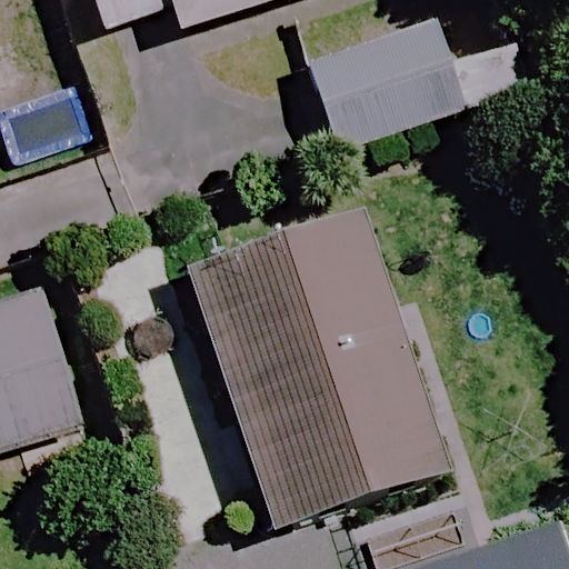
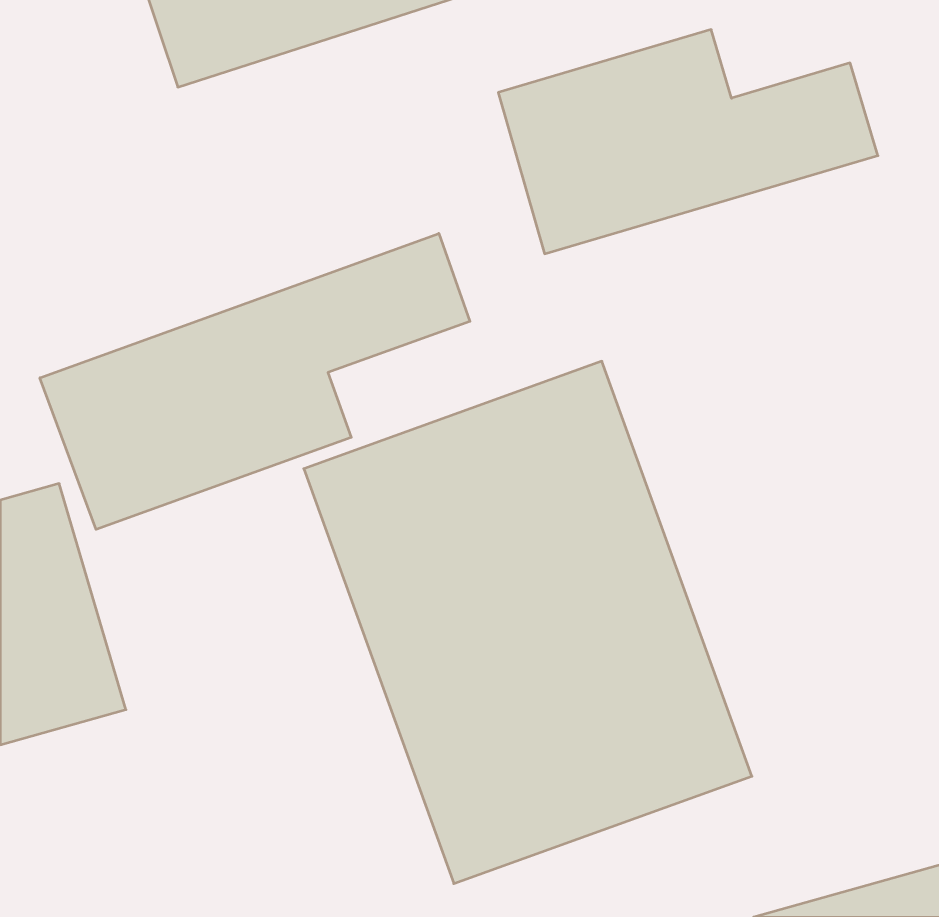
building: none -> [40,233,470,529]

